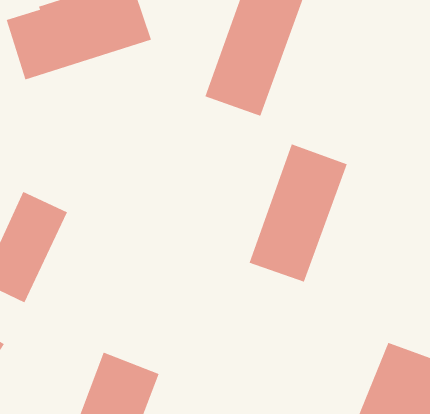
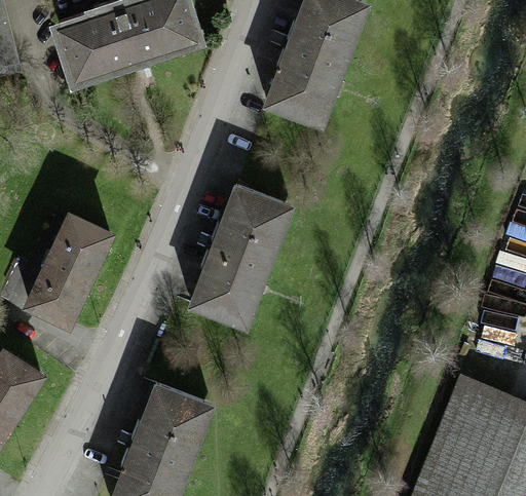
building: [249,143,348,283] -> none
building: none -> [187,184,294,331]

